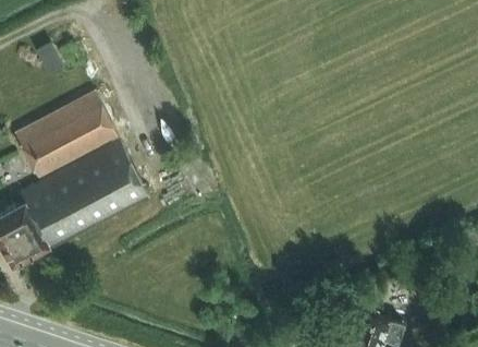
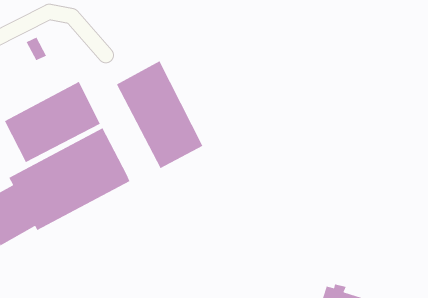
building: none -> [116,60,204,169]

